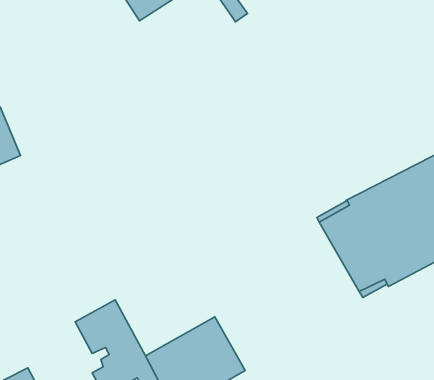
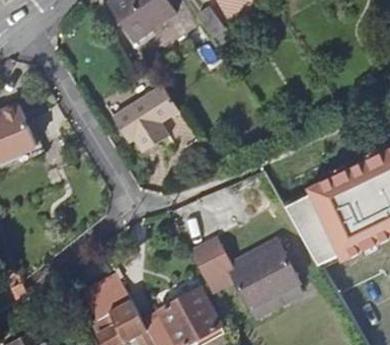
building: none -> [111,85,179,154]
building: none -> [186,235,297,308]

